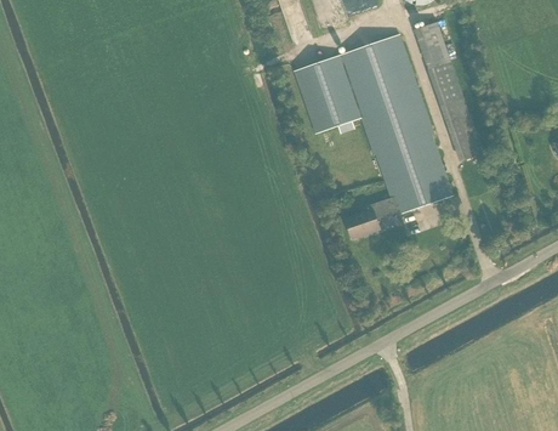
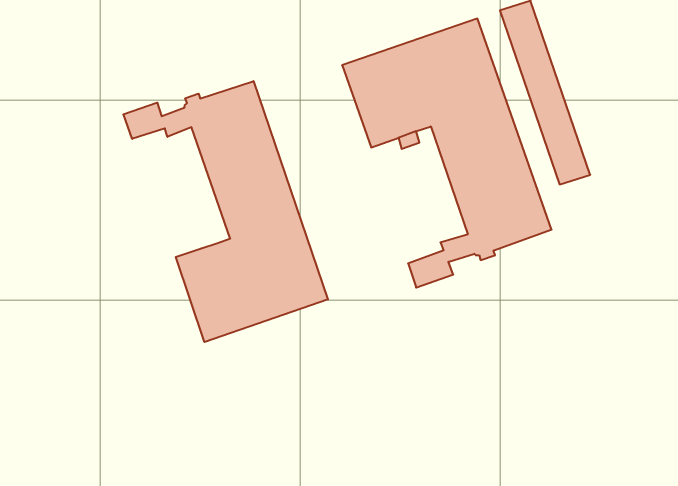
building: none -> [123,81,328,342]

